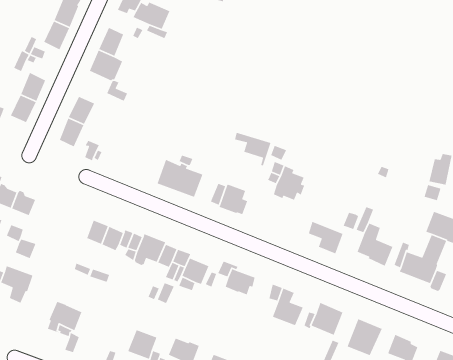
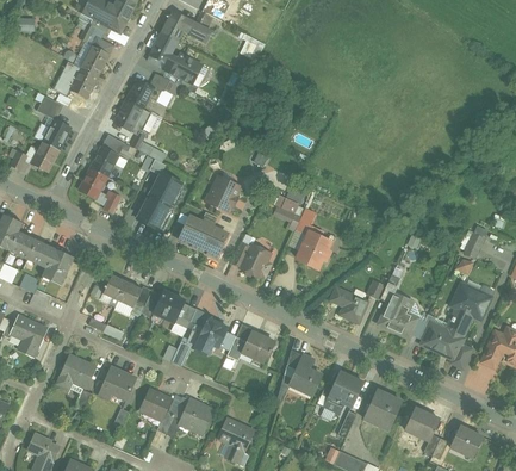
building: none -> [204,178,240,211]
building: none -> [136,175,180,229]
building: none -> [42,247,72,284]
building: none -> [98,366,135,404]

